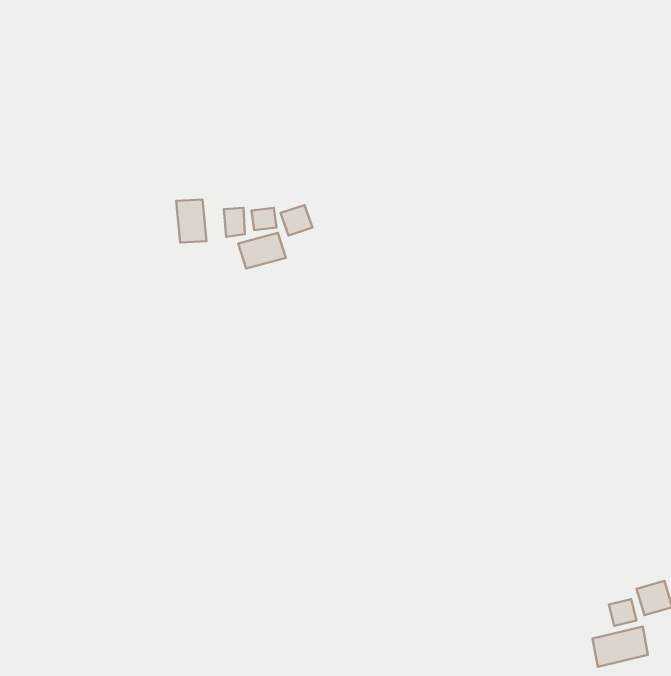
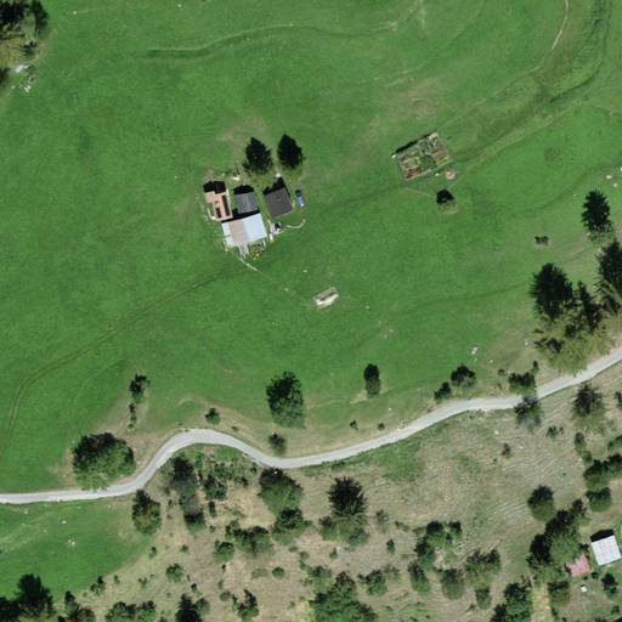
building: [176,200,207,242] -> none
building: [593,627,648,667] -> none

